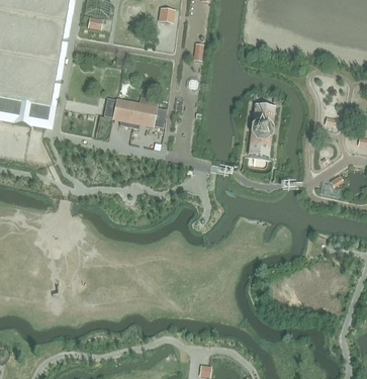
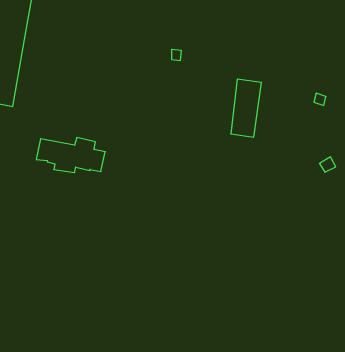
building: [103,95,167,127] -> [36,138,105,173]

